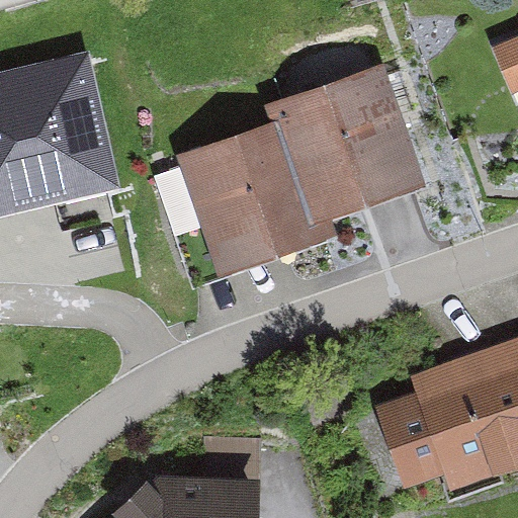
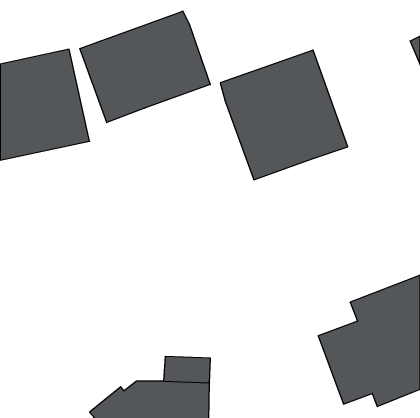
building: none -> [80,11,210,123]
building: [151,126,318,284] -> none

